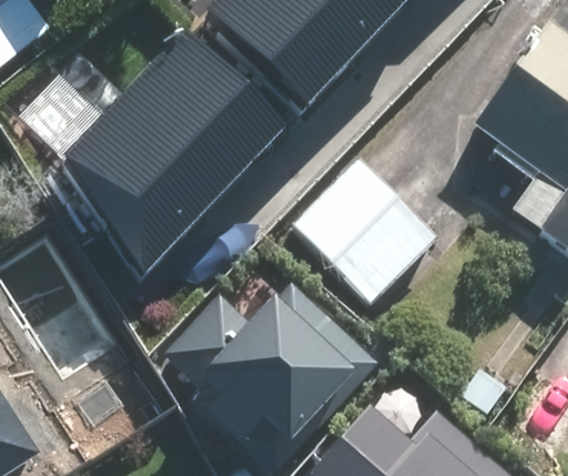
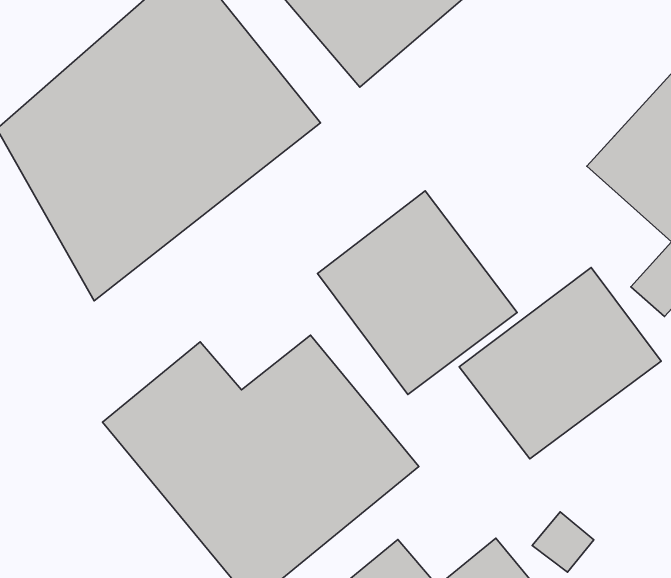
building: none -> [459,267,661,459]

